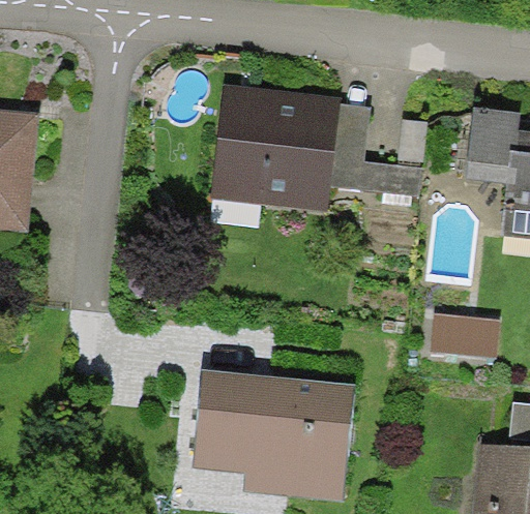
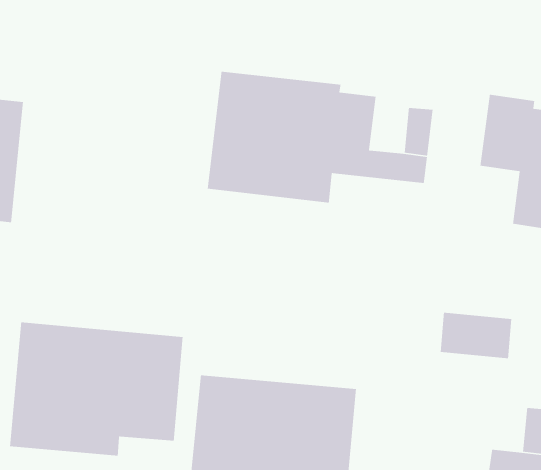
building: none -> [9,322,183,457]

